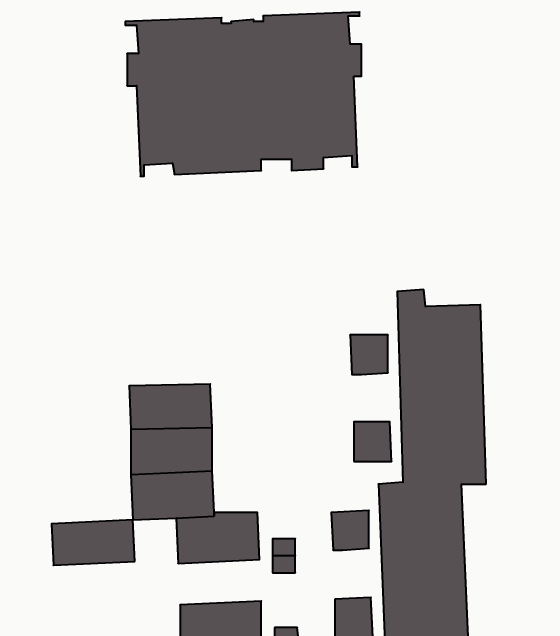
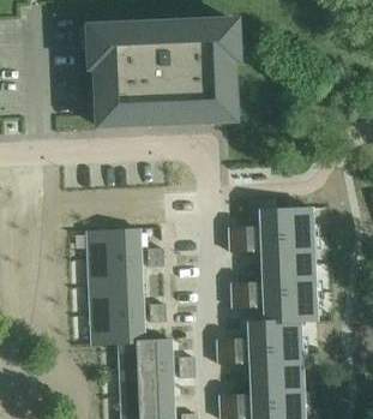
building: none -> [88,228,140,258]
building: [52,520,135,565] -> [120,369,173,397]

